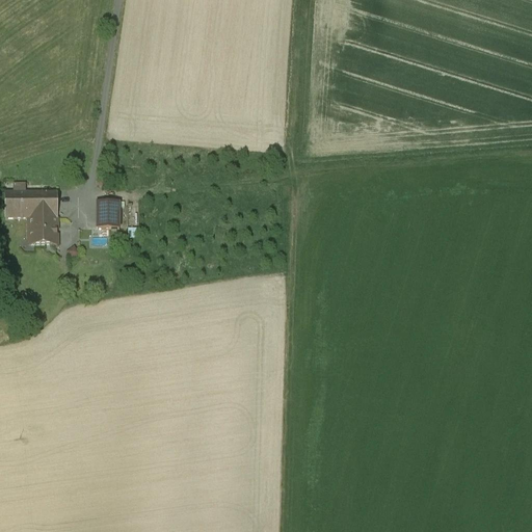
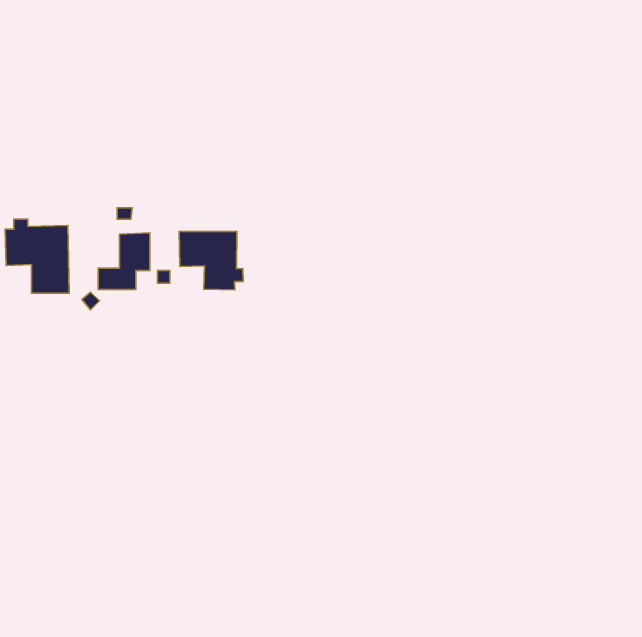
building: none -> [179,232,243,290]

